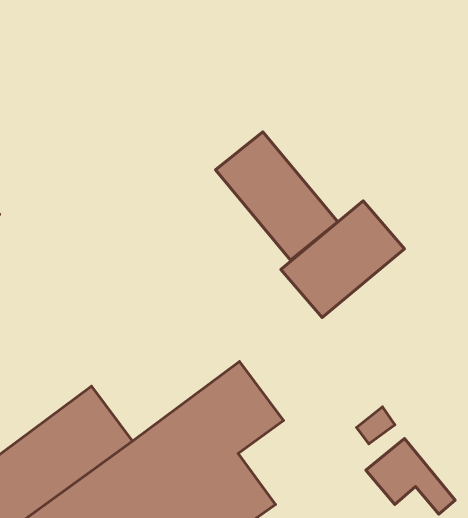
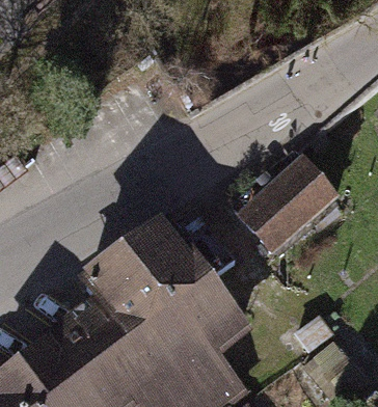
building: [216,132,338,260] -> none
building: none -> [80,209,230,346]

